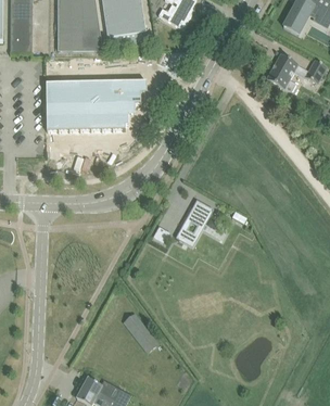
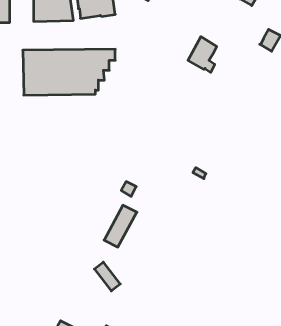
building: [266,52,297,91] -> [188,37,217,72]
building: [176,198,212,243] -> [104,205,137,247]

